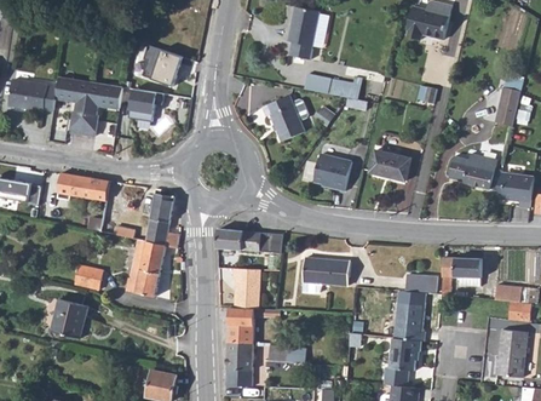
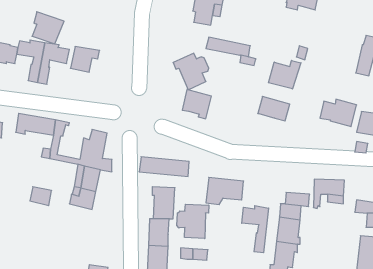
building: [139,45,180,86] -> [32,12,64,44]
building: none -> [268,60,301,89]
building: [312,154,350,191] -> [182,90,211,119]
building: none -> [177,204,209,239]
building: none -> [242,206,269,253]
building: [51,298,88,337] -> none

